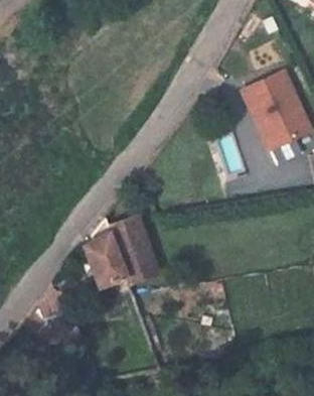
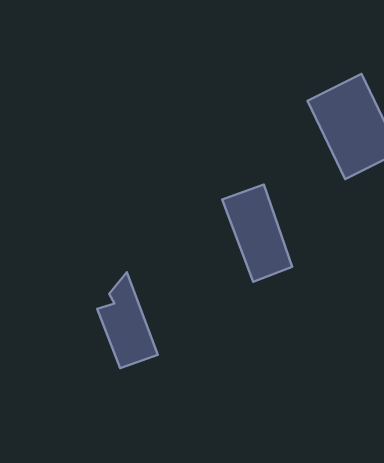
building: [109,216,161,288] -> [222,185,292,282]

